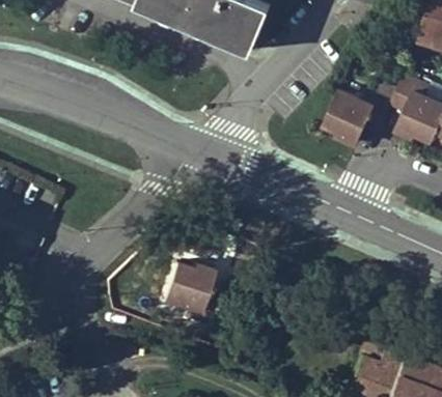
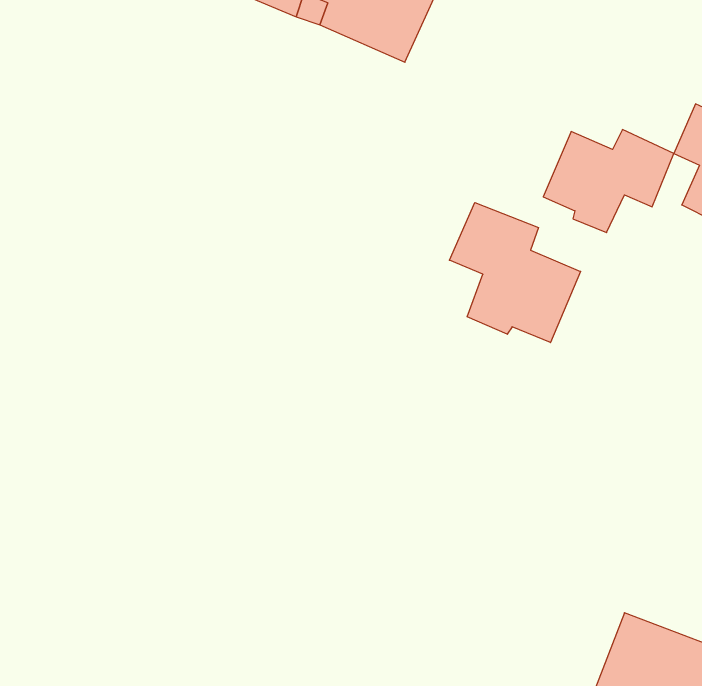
building: none -> [449,203,581,343]
building: [160,258,219,319] -> none

